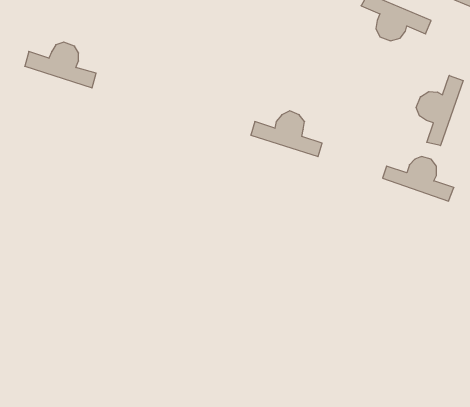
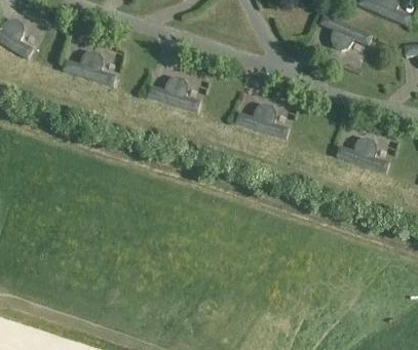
building: [416,75,463,146] -> none
building: none -> [146,76,200,111]

